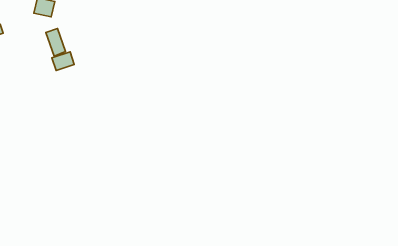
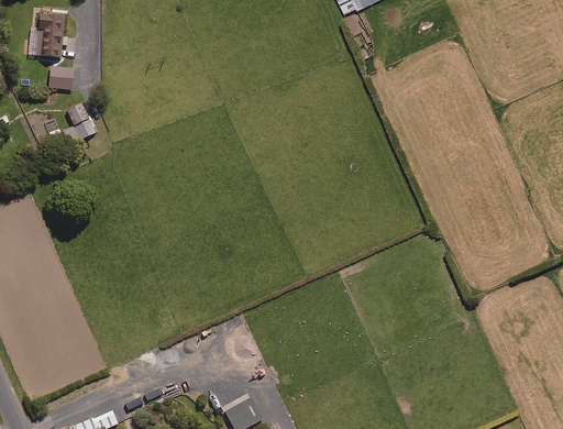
building: [52,52,74,70] -> none

